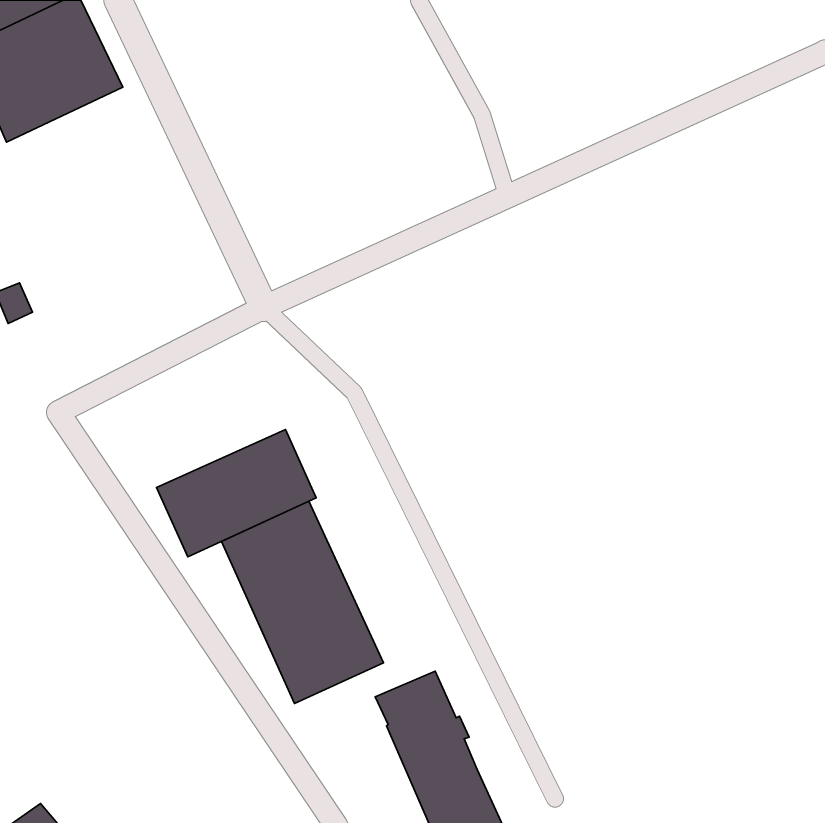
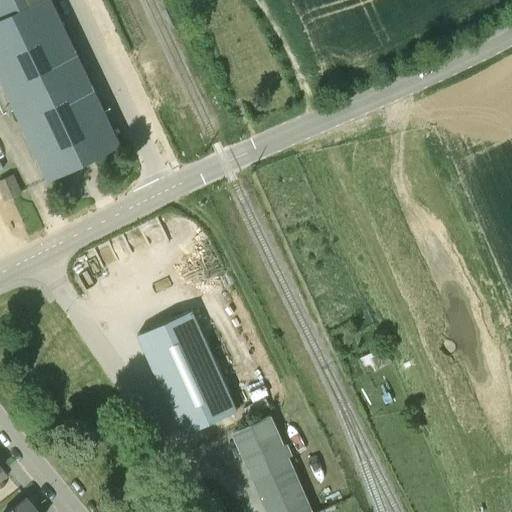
building: none -> [4,56,120,182]
building: [156,429,316,557] -> none

